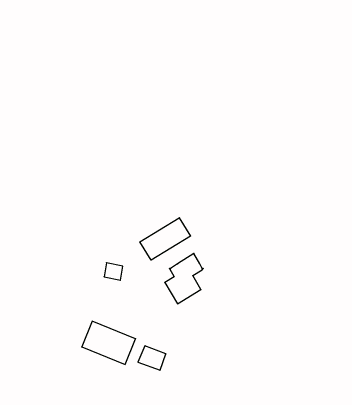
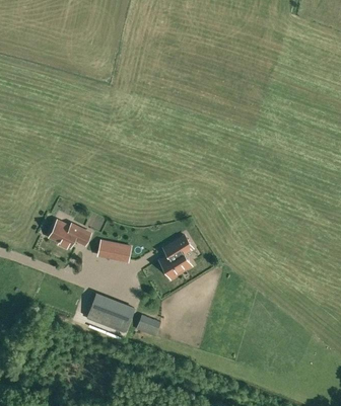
building: [140,218,191,260] -> none
building: none -> [49,224,89,248]

